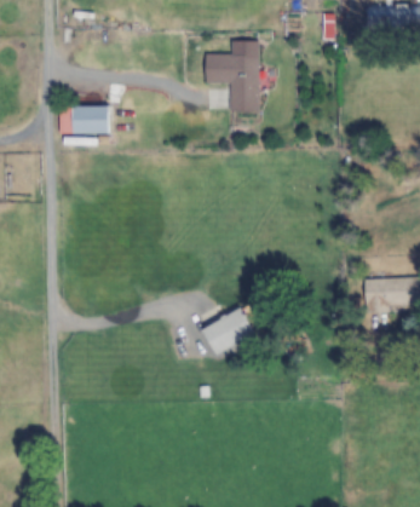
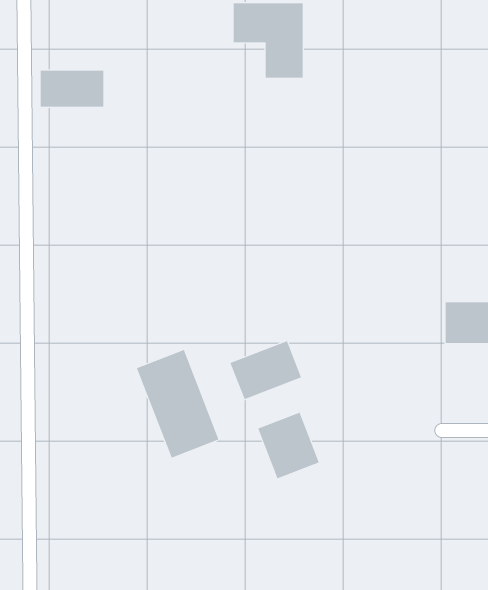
building: none -> [136,349,219,458]
building: none -> [258,412,320,479]

